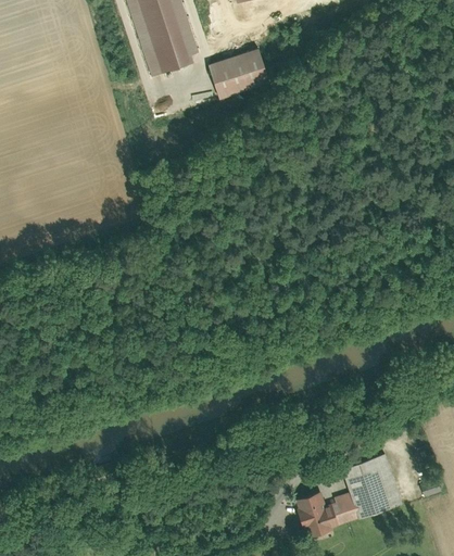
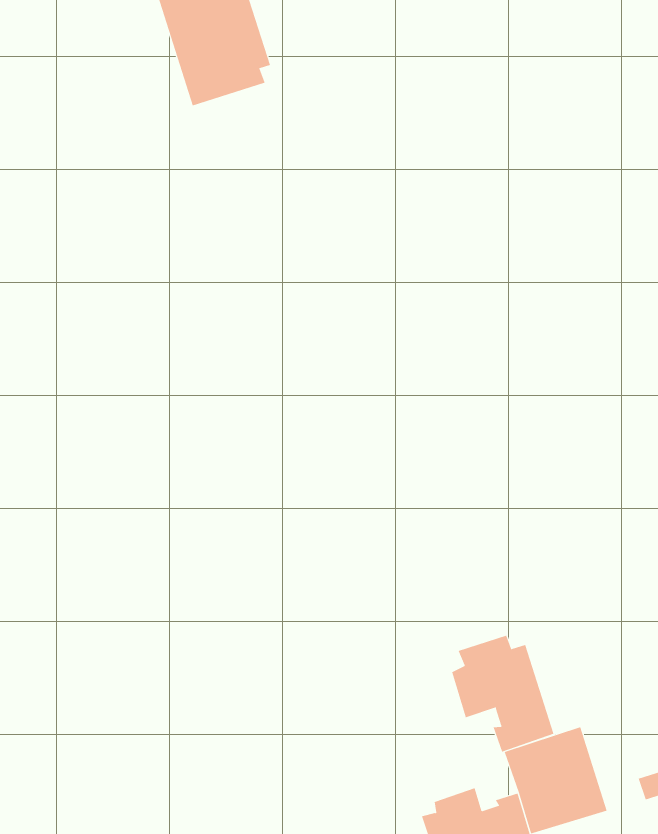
building: [206,48,270,101] -> none
building: none -> [451,635,554,752]

